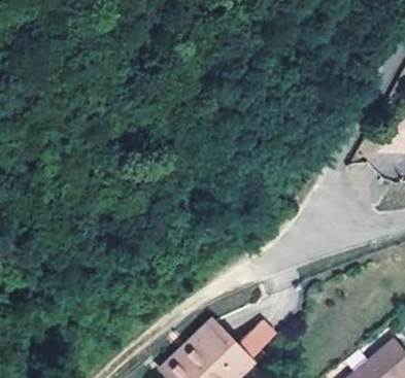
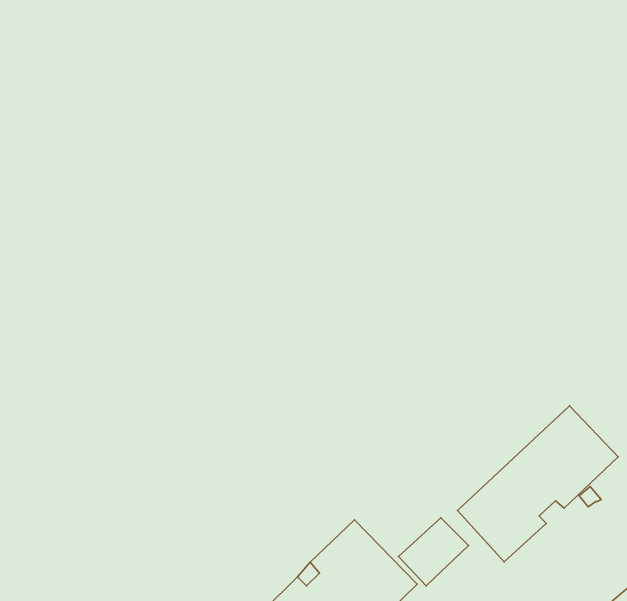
building: none -> [458,406,618,562]

